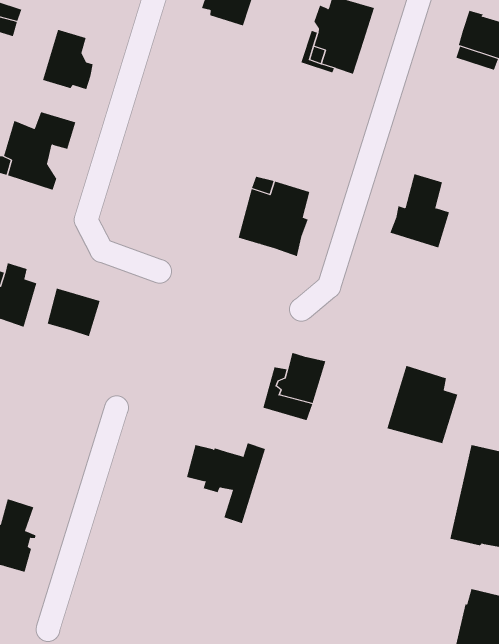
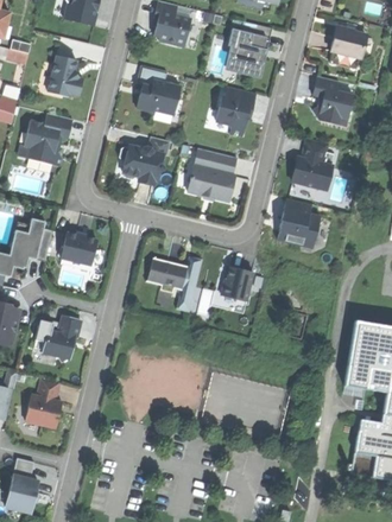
building: none -> [135,65,181,113]
building: none -> [311,76,353,122]
building: none -> [215,87,254,135]
building: none -> [118,136,169,184]
building: [387,365,458,444] -> [272,196,320,248]
building: none -> [42,314,81,362]
building: [186,443,266,524] -> [148,256,202,312]

